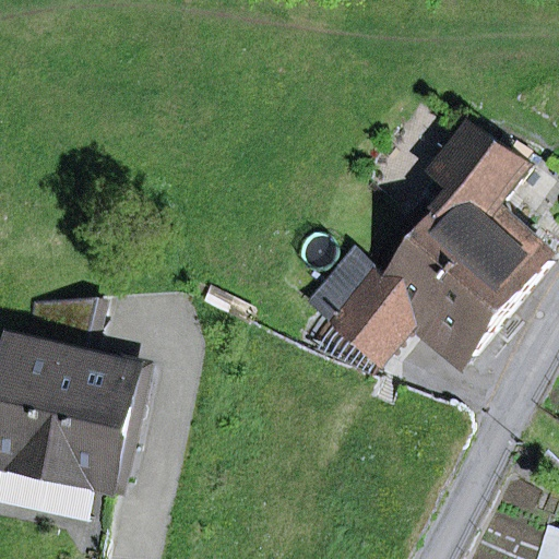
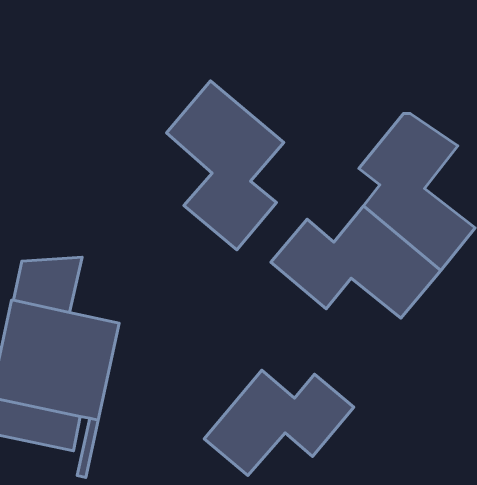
building: none -> [166,81,284,250]
building: none -> [204,370,354,476]

